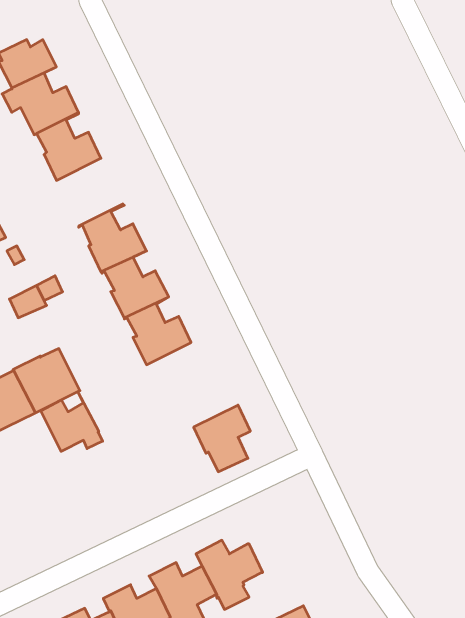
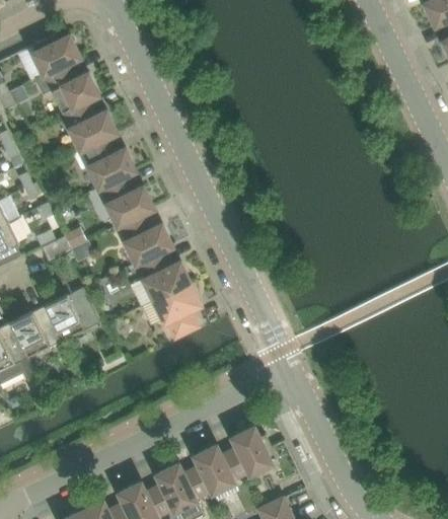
building: none -> [73,132,134,188]
building: [41,392,103,451] -> none
building: [194,405,250,472] -> [153,283,200,338]
building: none -> [231,427,276,474]

